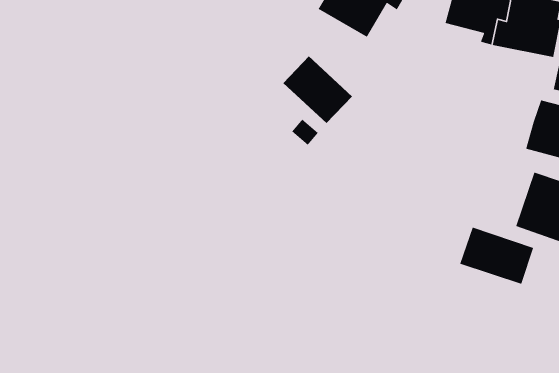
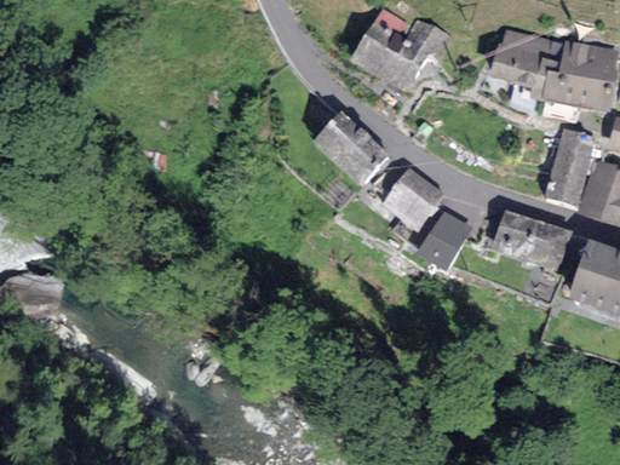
building: none -> [544,127,596,206]
building: none -> [381,167,442,231]
building: none -> [417,209,472,271]
building: [459,227,534,285] -> [490,208,573,272]

